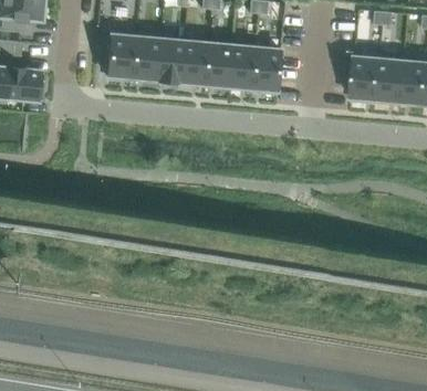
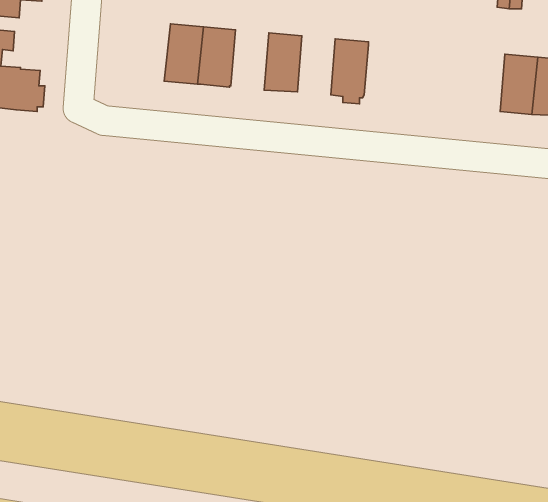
building: [107,33,135,80] -> none
building: [179,40,207,84] -> none
building: [228,44,256,87] -> none
building: [352,55,379,103] -> none

